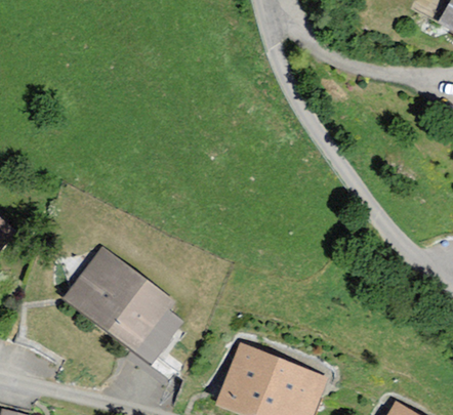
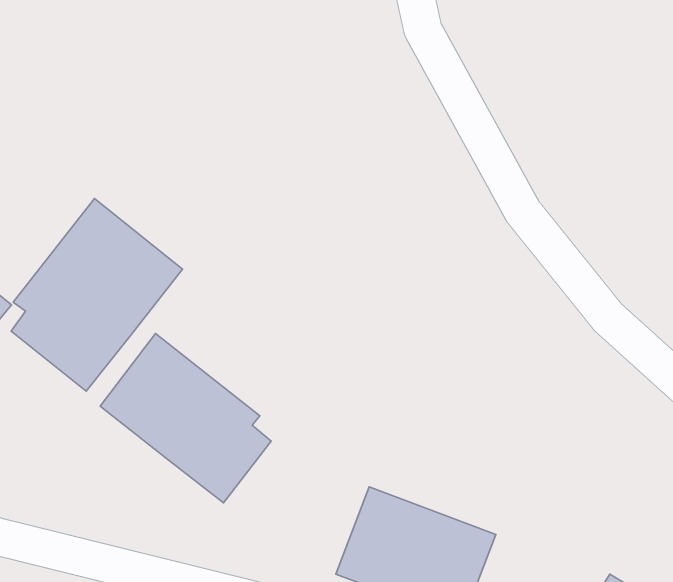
building: none -> [11,198,182,391]

